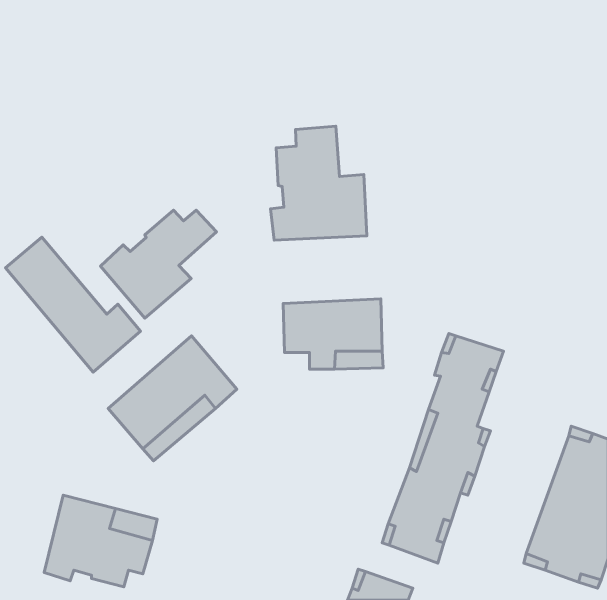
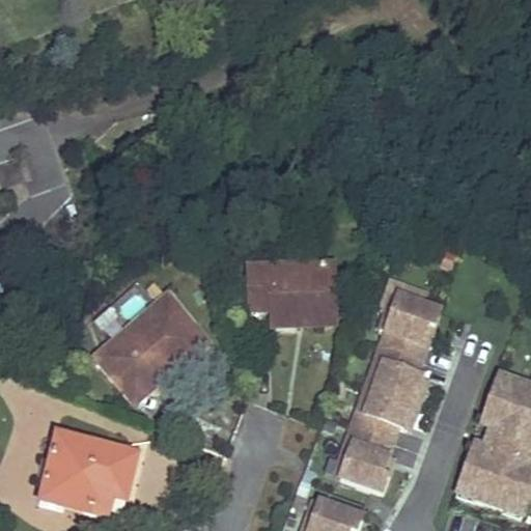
building: [271,126,367,240] -> none
building: [101,210,216,318] -> none
building: [6,237,140,372] -> none

